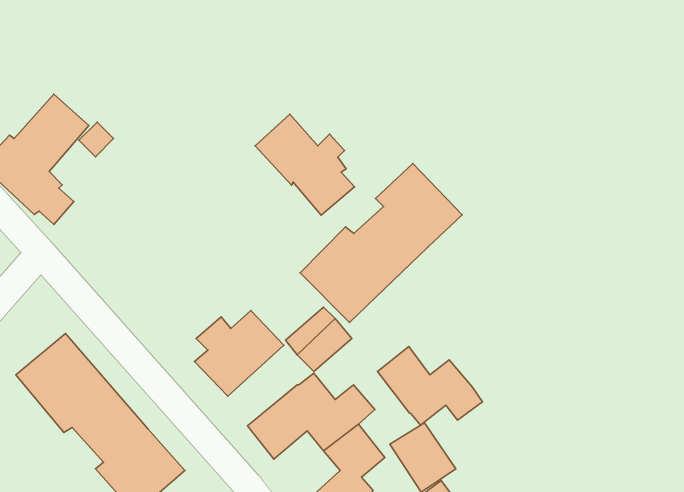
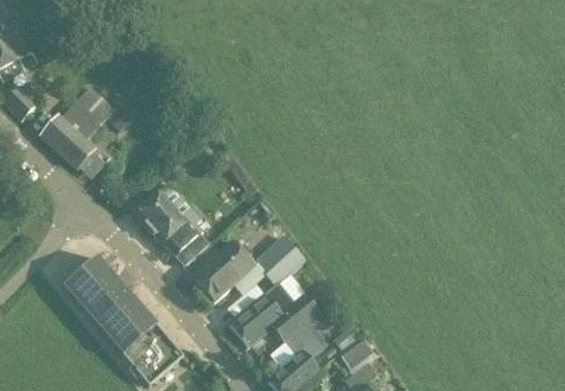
building: [255,114,354,215] -> [138,194,209,266]
building: [300,164,462,323] -> none
building: [378,347,482,425] -> none

